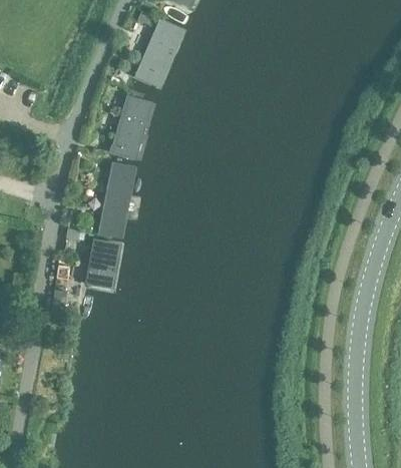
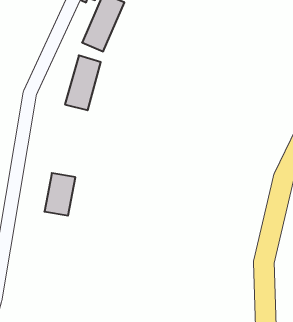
building: [98,161,130,233] -> none

